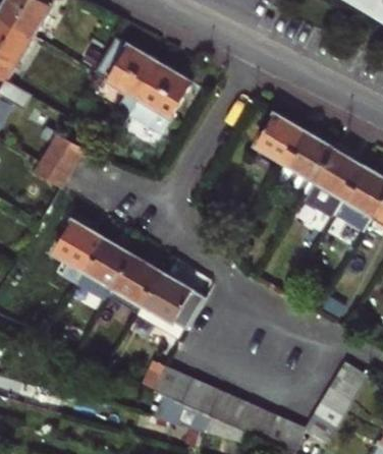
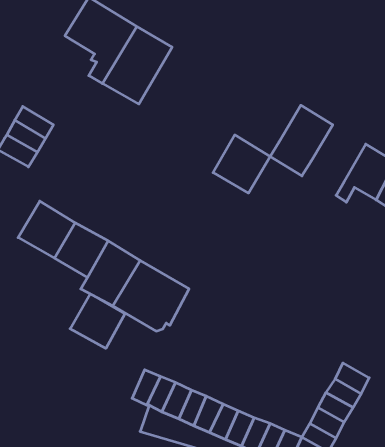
building: [254,112,305,164] -> [213,135,270,193]
building: [314,149,363,200] -> none
building: none -> [70,294,125,348]

